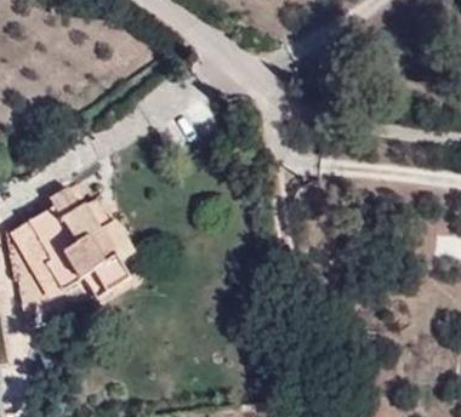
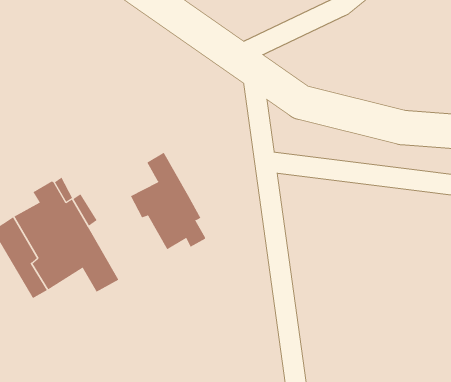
building: none -> [130,152,206,250]

